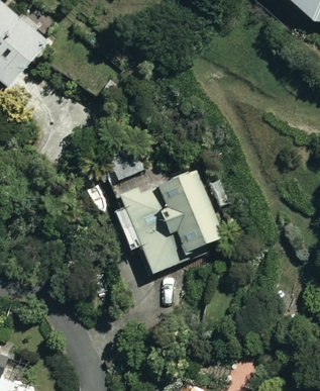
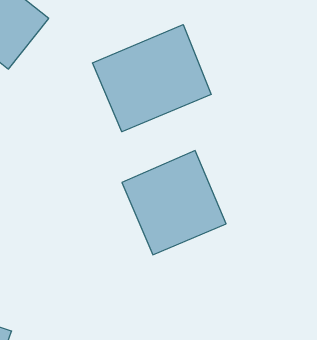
building: none -> [93,25,211,132]

